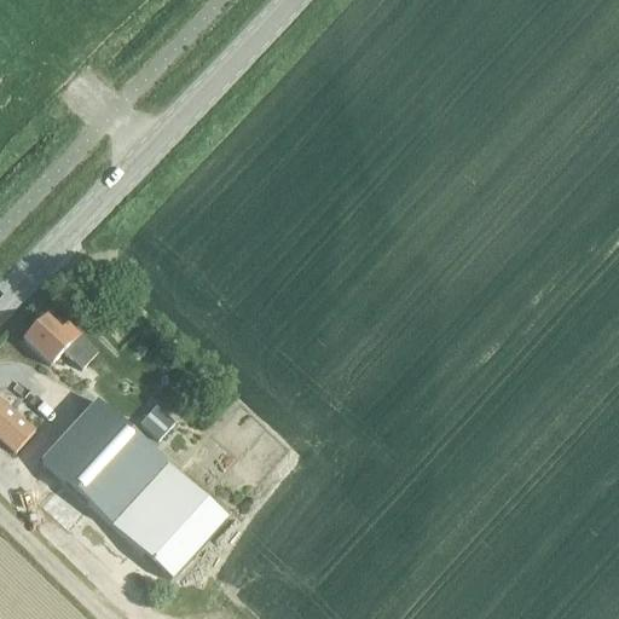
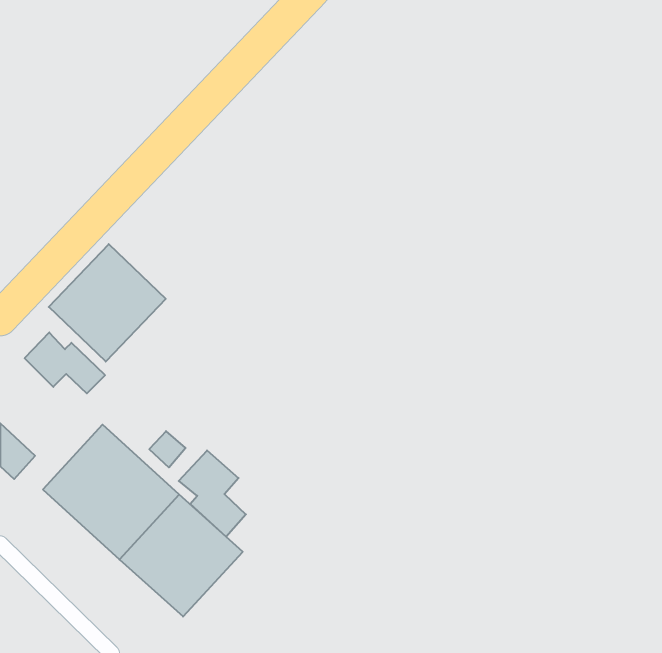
building: none -> [49,244,166,362]
building: none -> [179,450,246,537]

